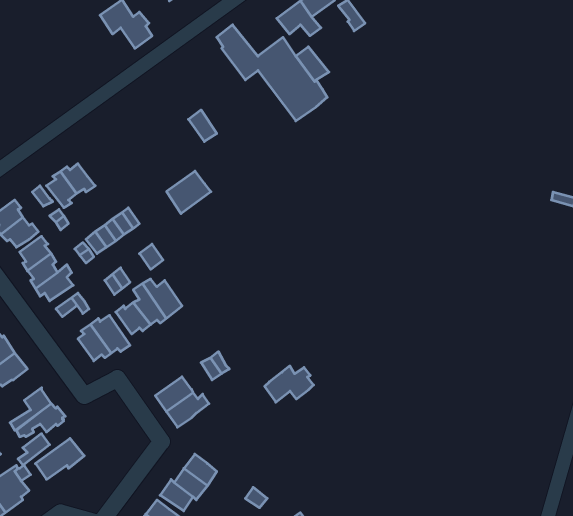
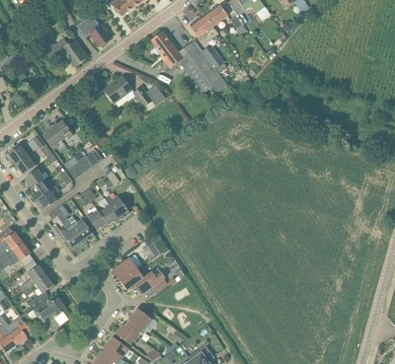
building: none -> [42,39,88,67]
building: [167,171,211,214] -> [104,76,133,103]
building: [265,366,314,402] -> [136,271,167,294]

